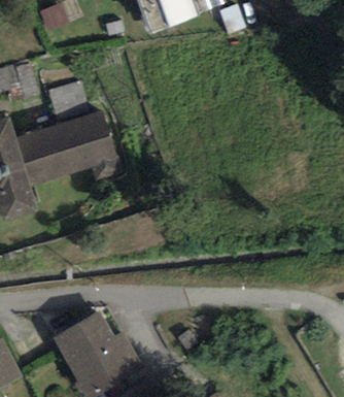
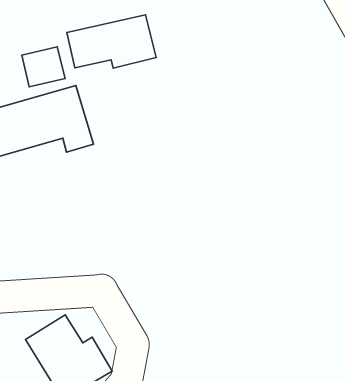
building: none -> [67,15,156,68]

